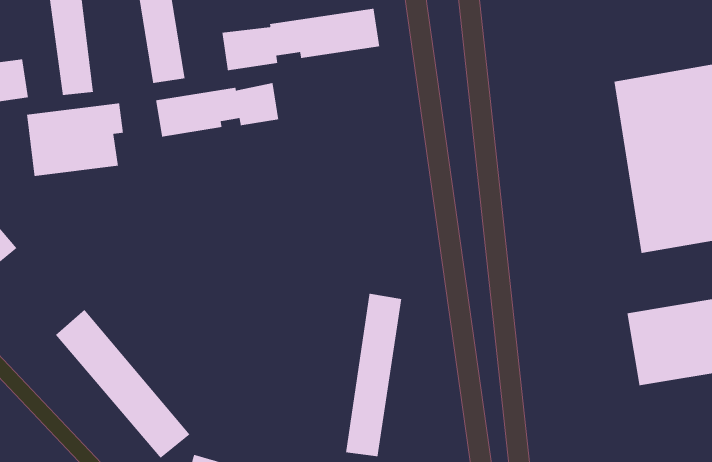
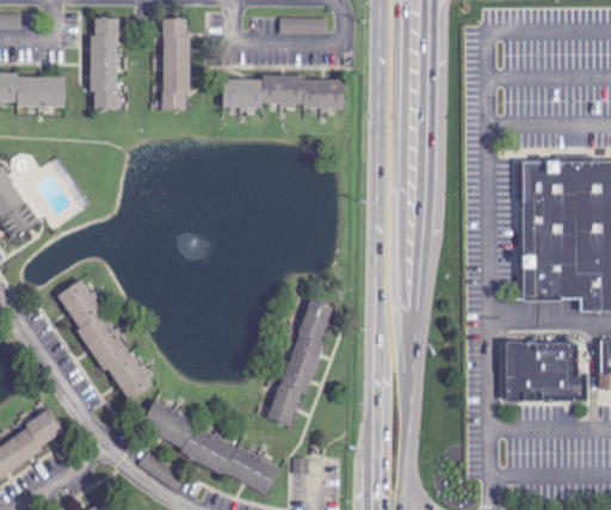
building: [155,82,279,137] -> none
building: [26,102,124,177] -> none

